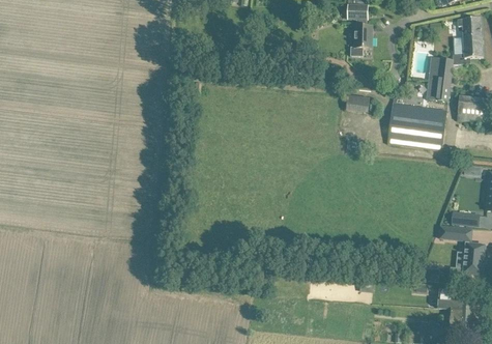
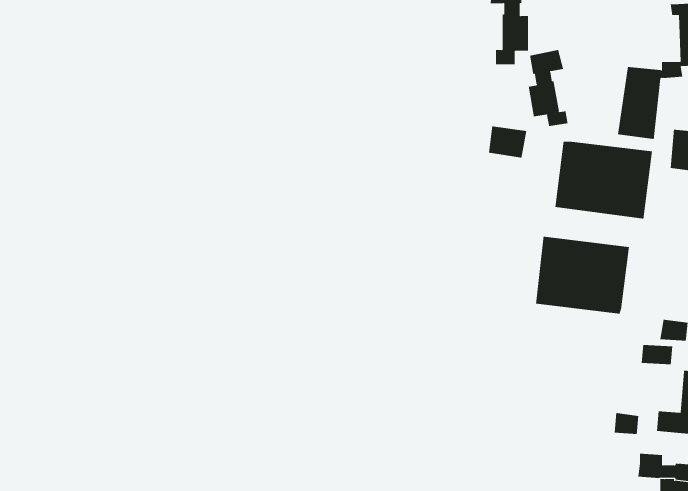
building: none -> [528,49,568,127]
building: none -> [536,236,630,314]

